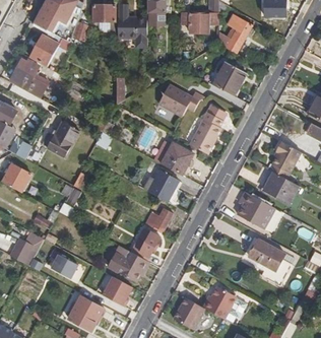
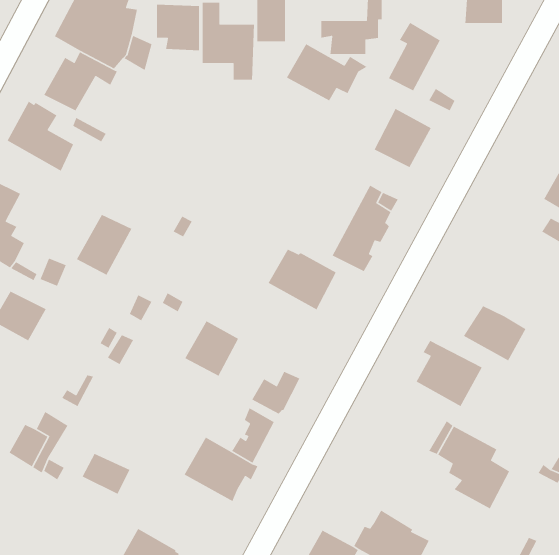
building: [157,83,203,116] -> [286,43,368,101]
building: [268,140,300,178] -> none
building: [147,170,178,201] -> [184,320,239,377]
building: [102,276,131,306] -> none

